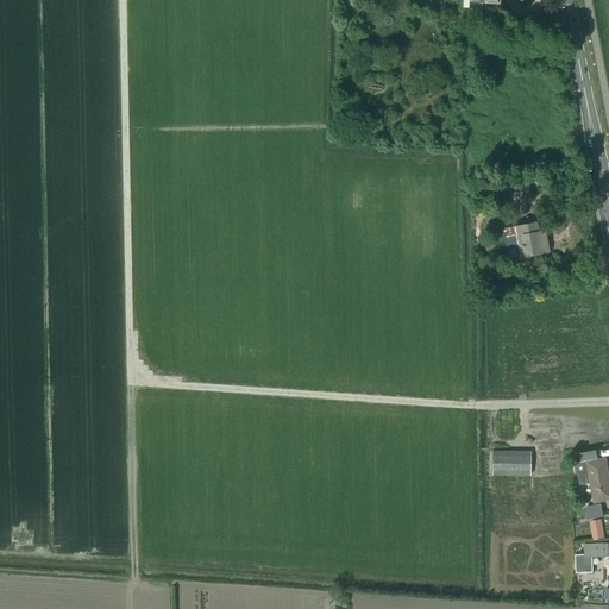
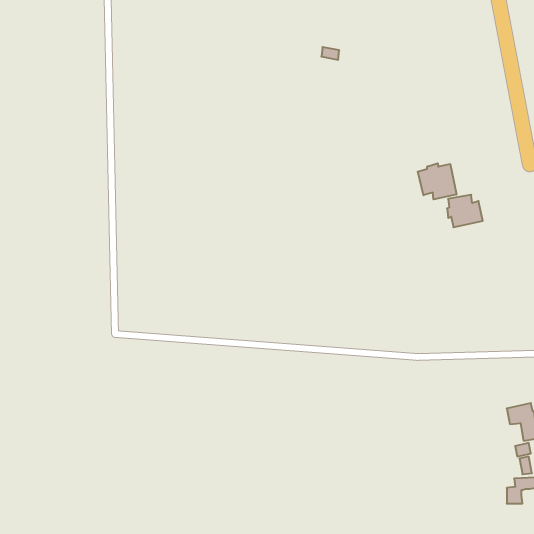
building: none -> [418,163,456,199]
building: [492,451,530,475] -> none

